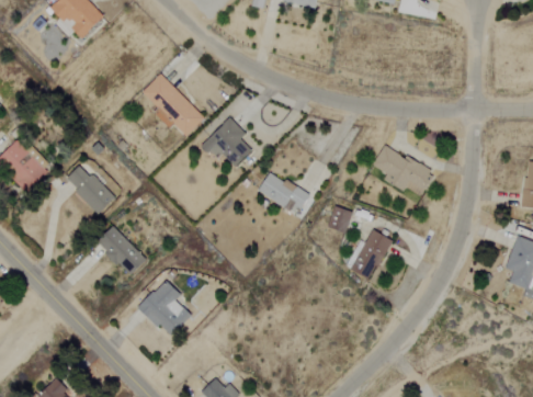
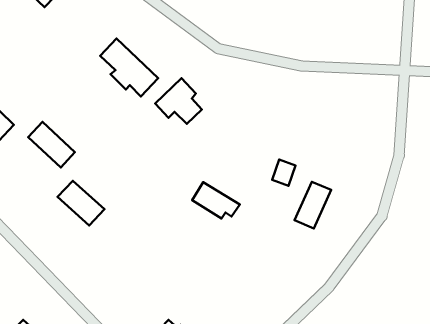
building: [373,146,433,197] -> none
building: [258,172,309,212] -> [192,182,240,219]
building: [138,281,191,338] -> none

